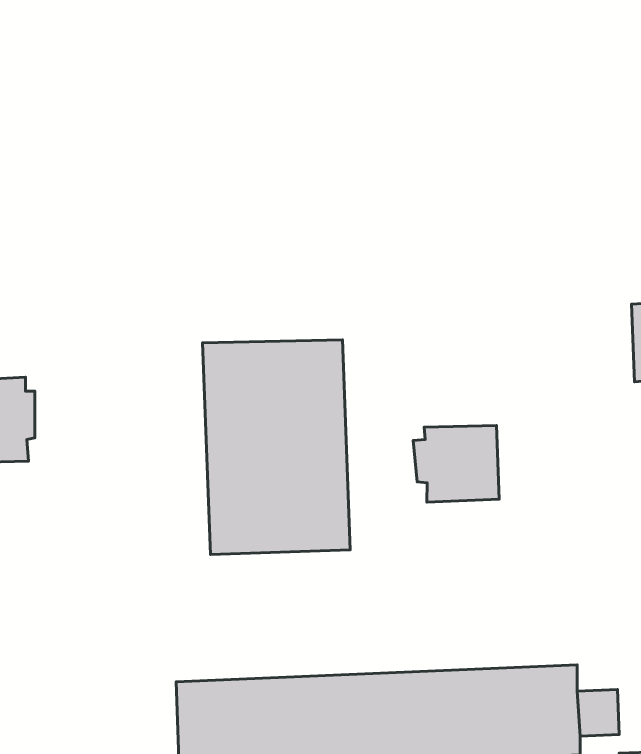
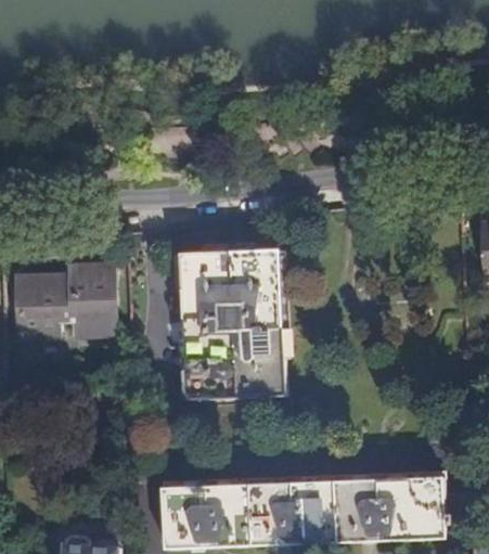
building: none -> [65,265,115,332]
building: [413,425,499,502] -> none

